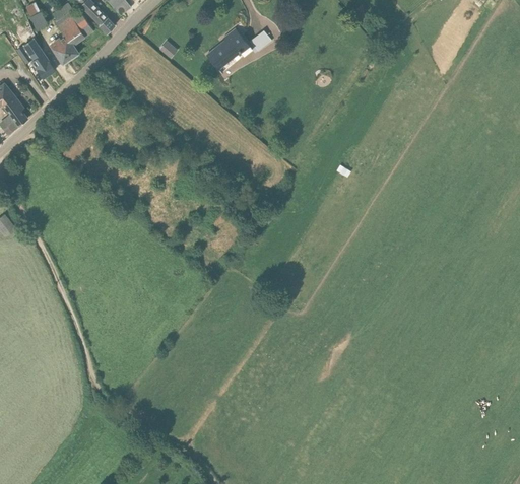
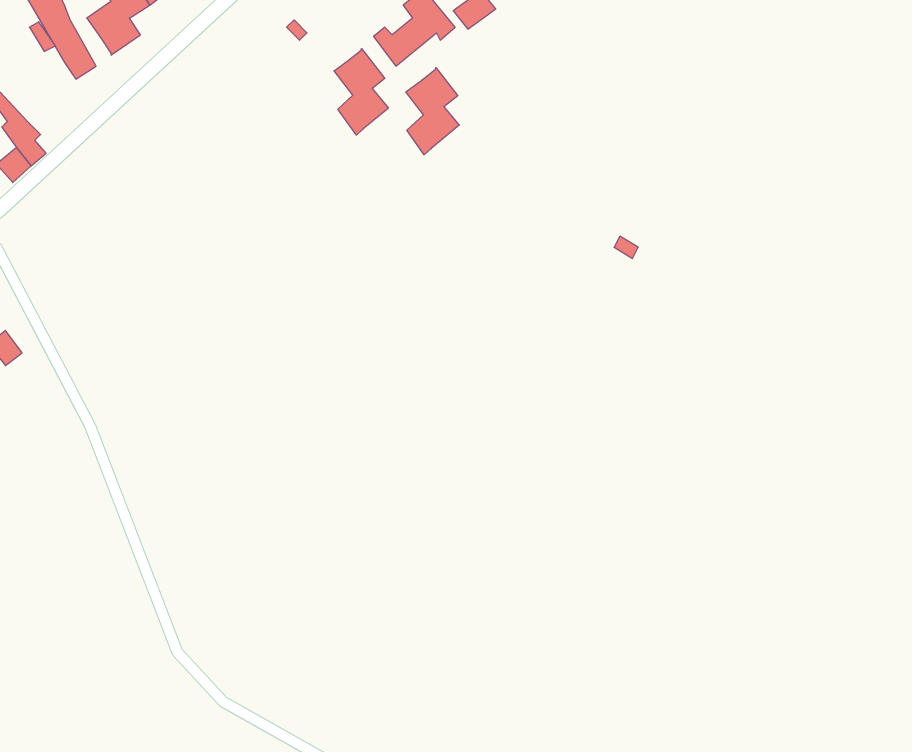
building: none -> [334,49,388,135]
building: none -> [406,68,459,155]

